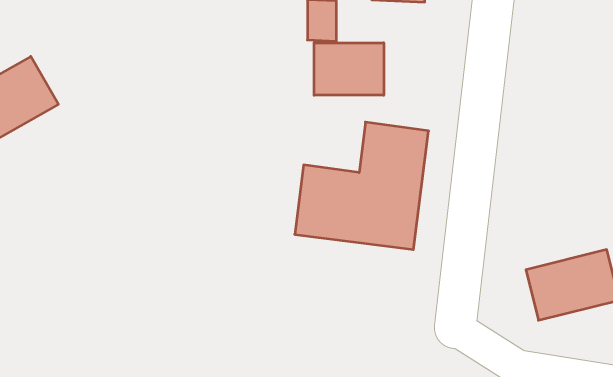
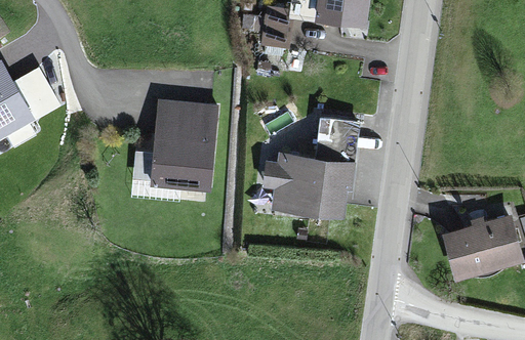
building: [314,43,384,95] -> none
building: none -> [148,101,235,187]

